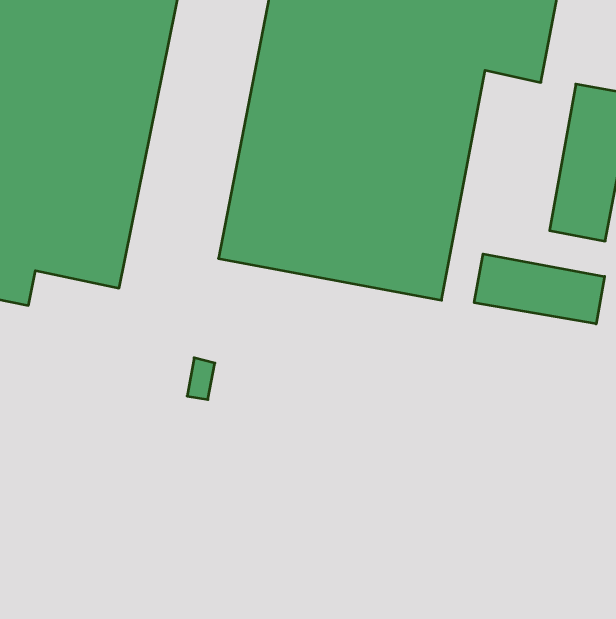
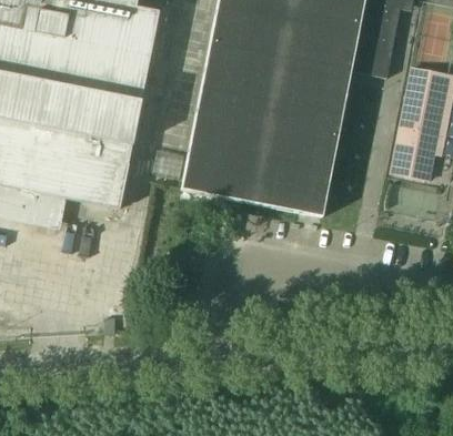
building: [474,254,605,324] -> none

